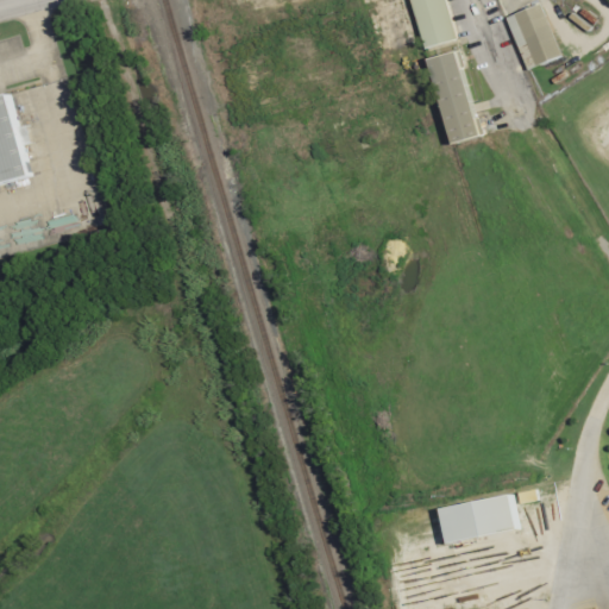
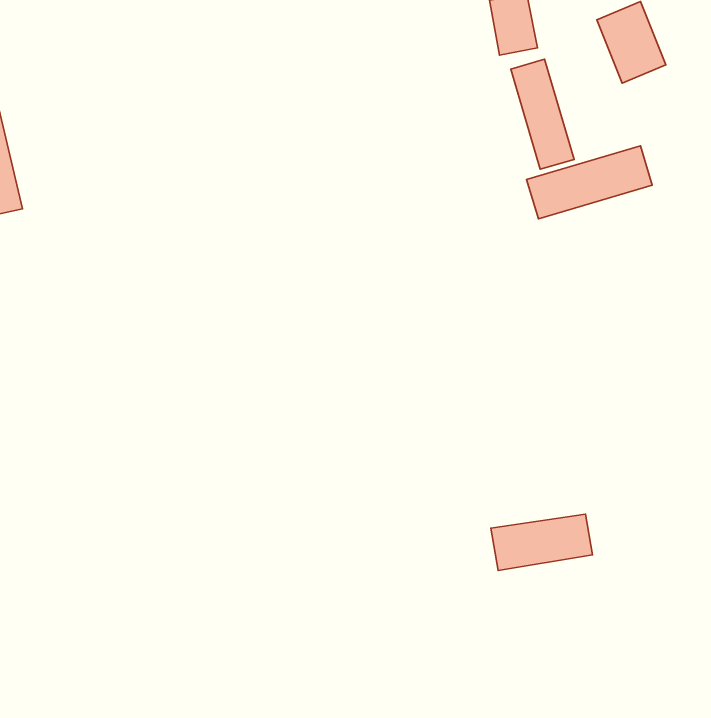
building: none -> [527,146,652,219]
building: [437,494,522,541] -> [491,514,593,570]

